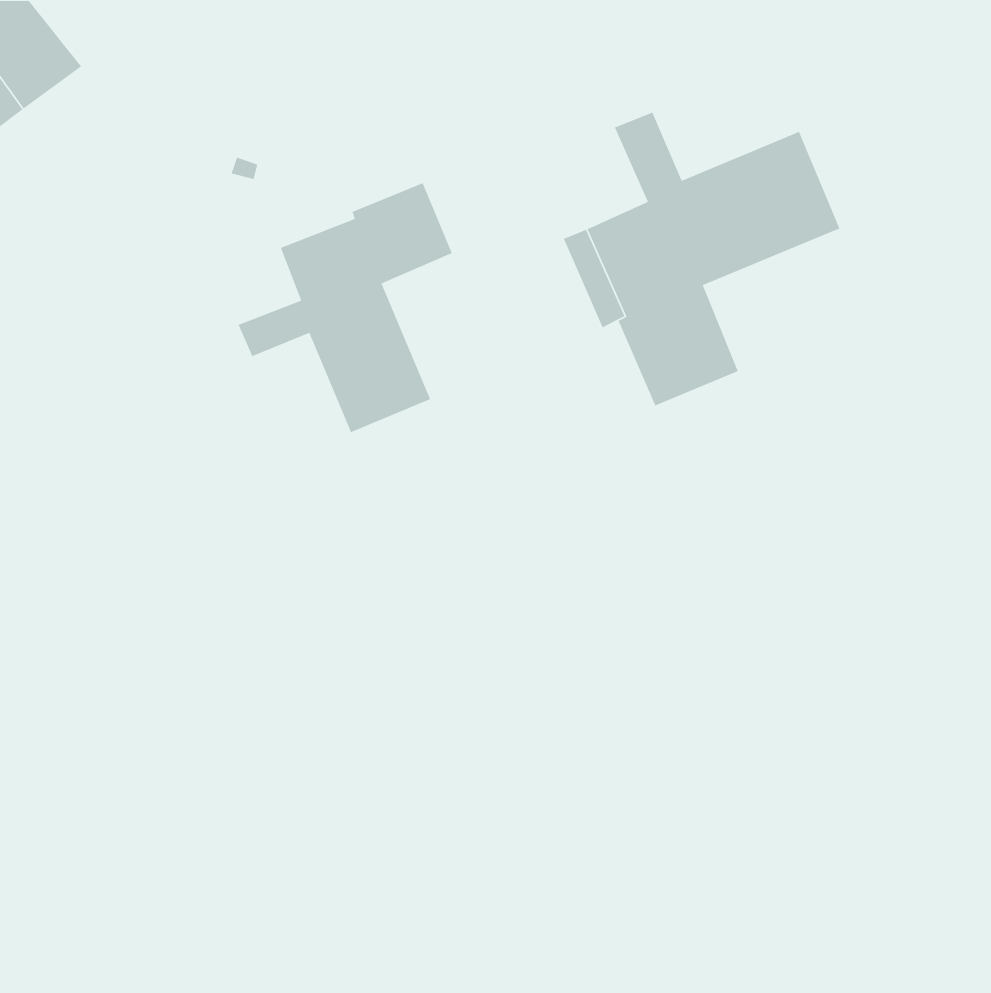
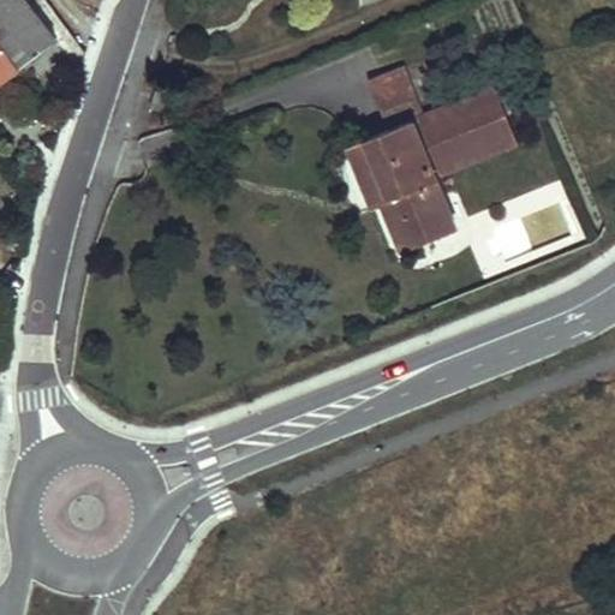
building: [237,182,453,433] -> none

